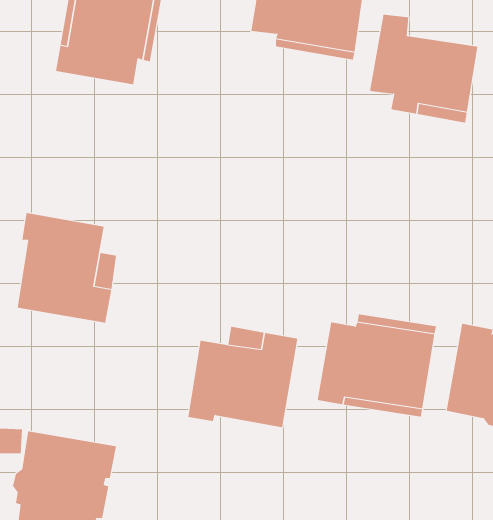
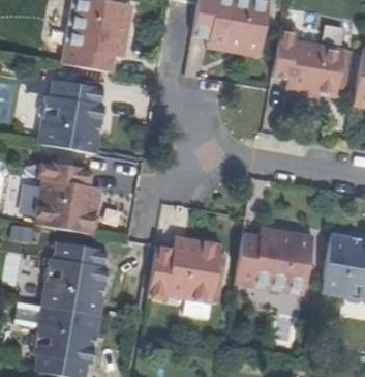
building: none -> [38,79,104,154]
building: none -> [41,241,109,317]

